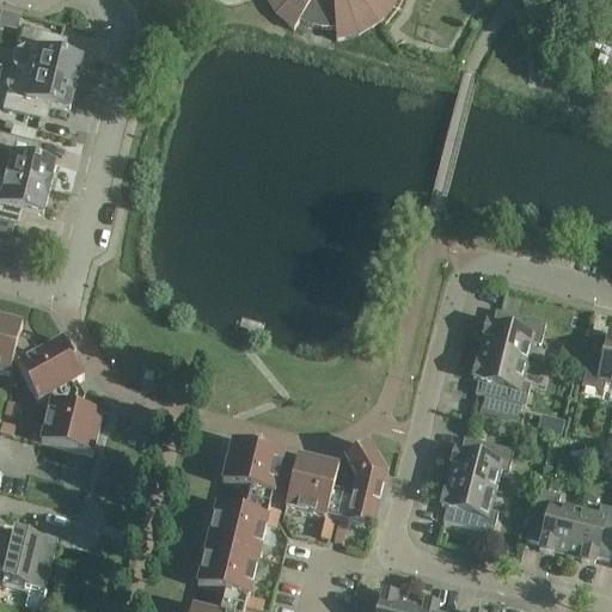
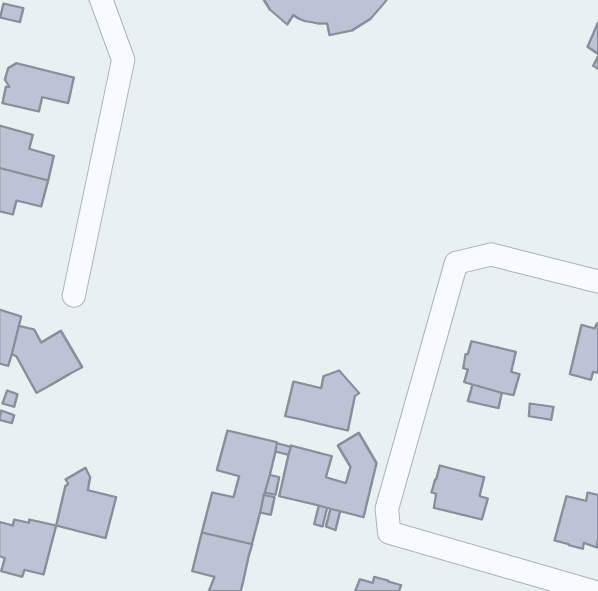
building: [11,23,81,79] -> none
building: [481,307,545,359] -> none
building: none -> [285,370,359,430]
building: [41,381,102,453] -> [56,468,116,538]
building: [448,434,513,486] -> none
building: [525,486,577,551] -> none

